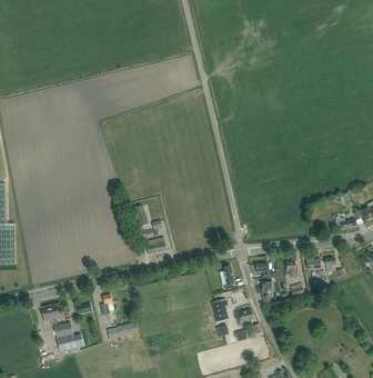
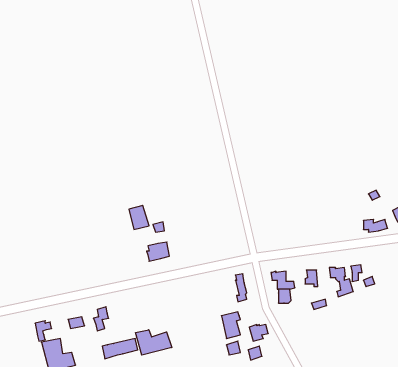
building: none -> [136,330,172,355]

